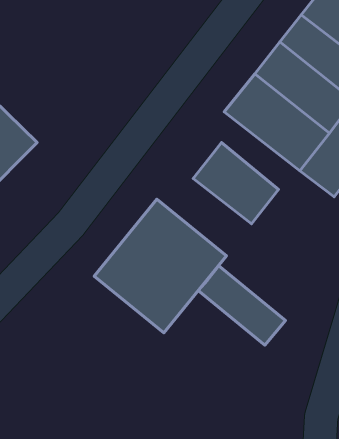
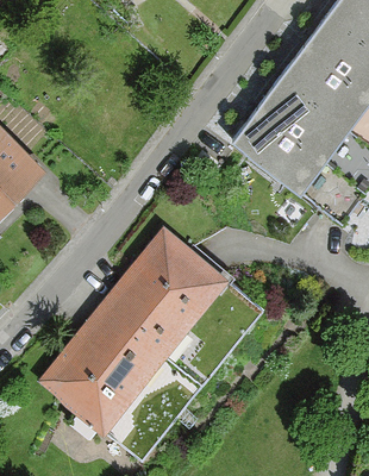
building: [193,142,279,224] -> none
building: [198,266,286,345] -> none
building: none -> [35,303,168,438]

